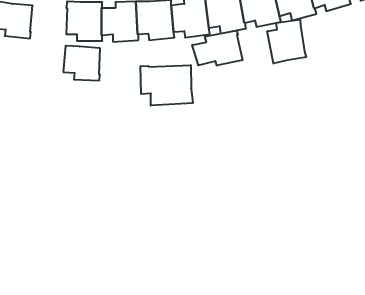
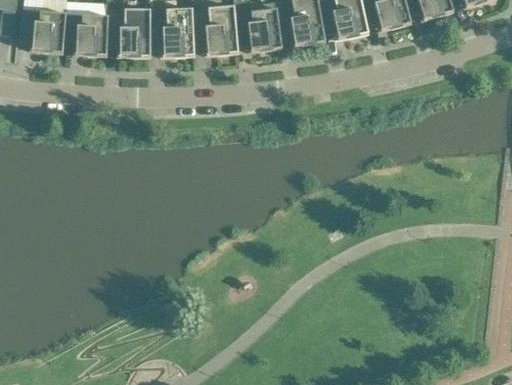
building: [267,20,306,64] -> none
building: [192,30,242,66] -> none
building: [63,46,100,80] -> [62,13,107,55]
building: [141,65,193,106] -> none

